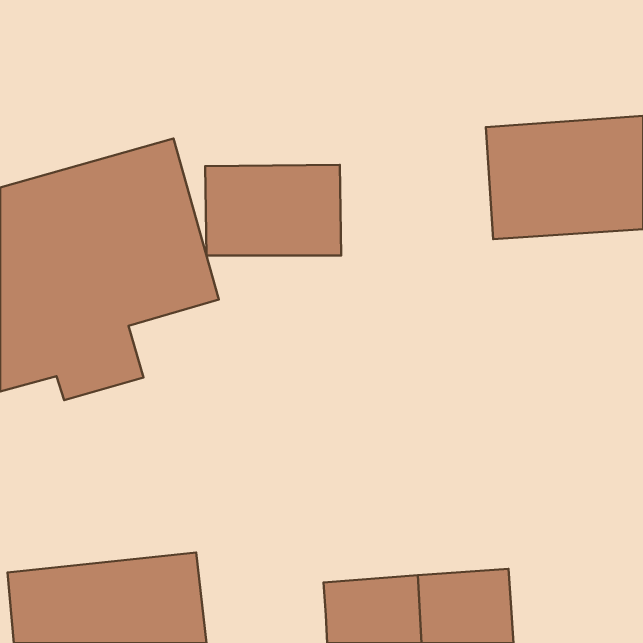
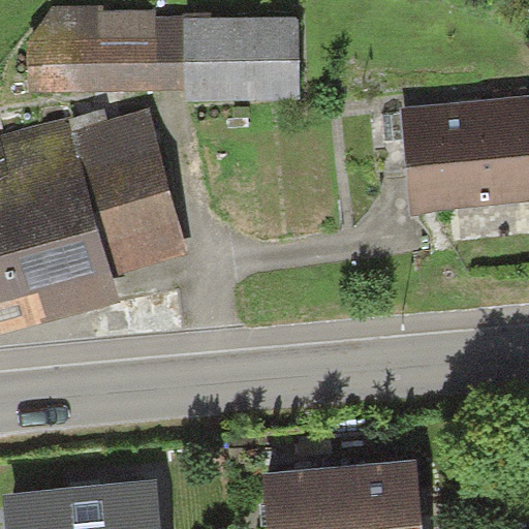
building: none -> [45,19,170,95]
building: [205,165,341,255] -> [189,22,301,96]

